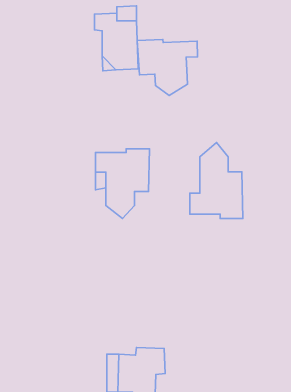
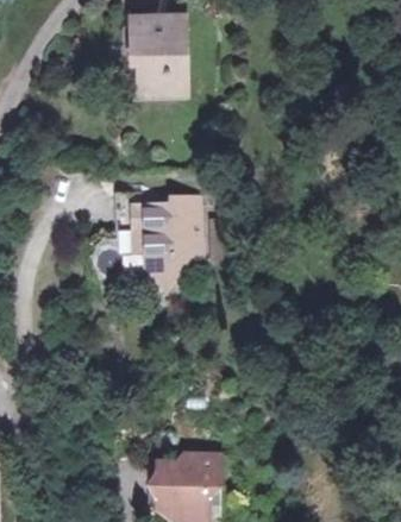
building: [137,39,198,95] -> none
building: [190,143,243,218] -> none

